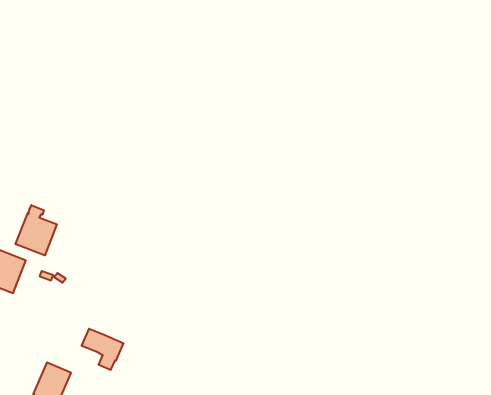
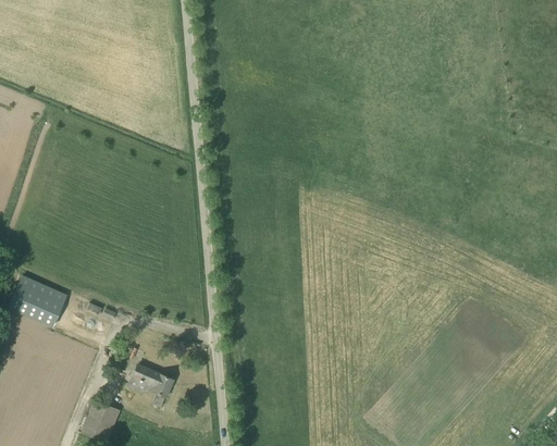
building: [16,205,57,255] -> none

